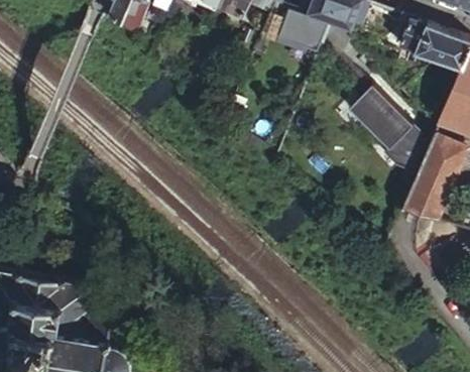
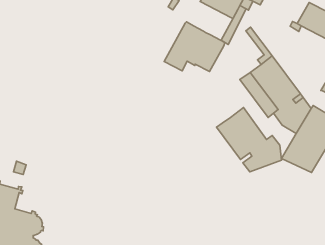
building: none -> [164,22,225,72]
building: none -> [217,107,282,172]

